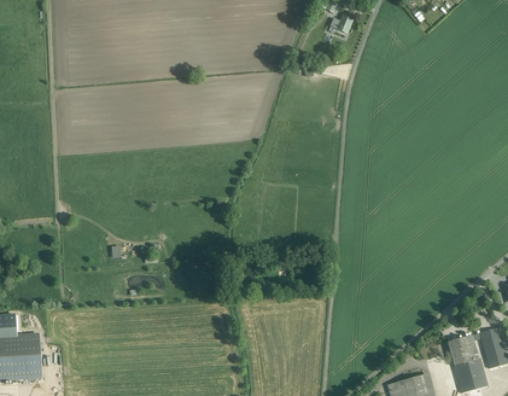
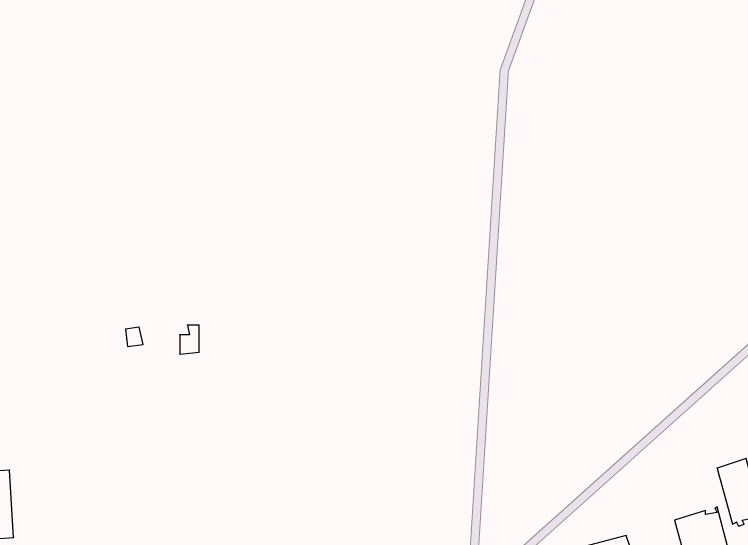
building: [436,333,479,365] -> none

